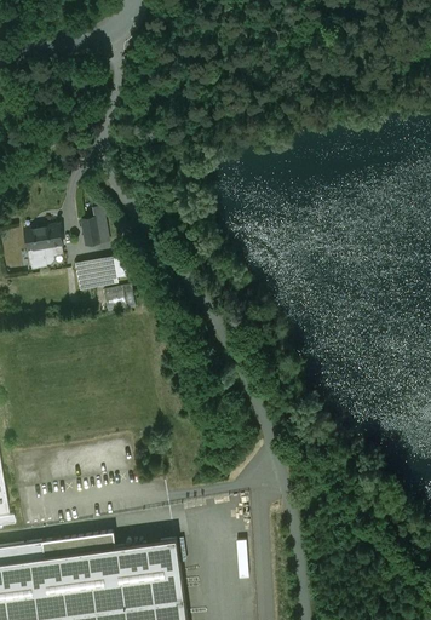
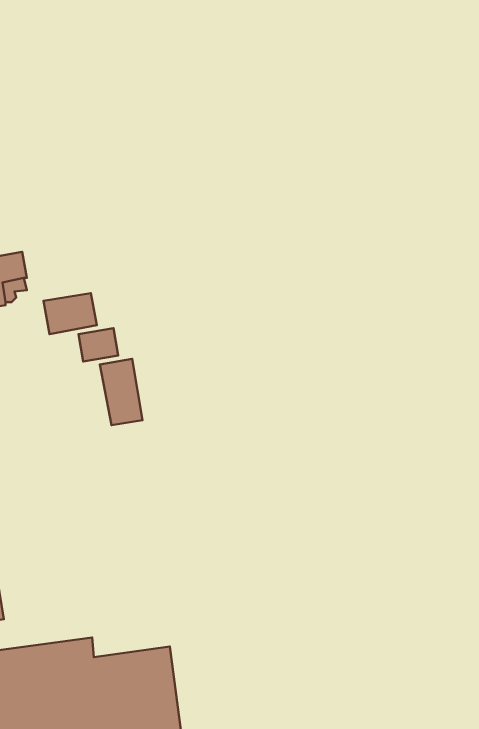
building: [80,207,108,246] -> none
building: none -> [100,359,142,425]

